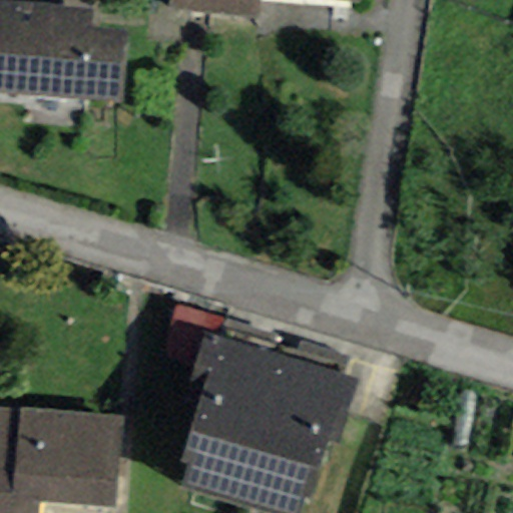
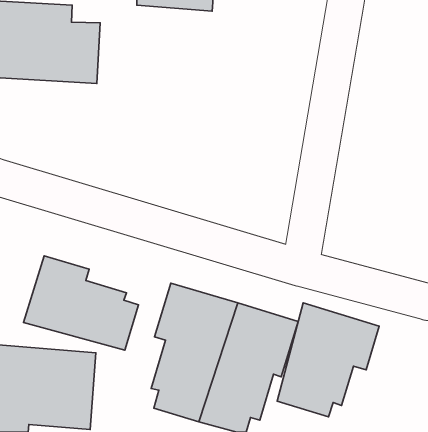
building: none -> [23,256,139,350]
building: none -> [277,303,379,417]

